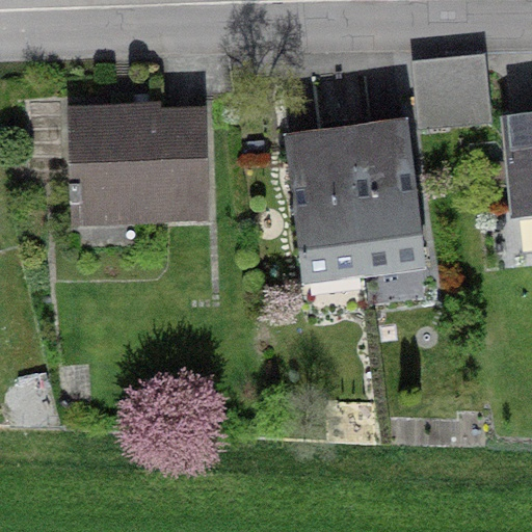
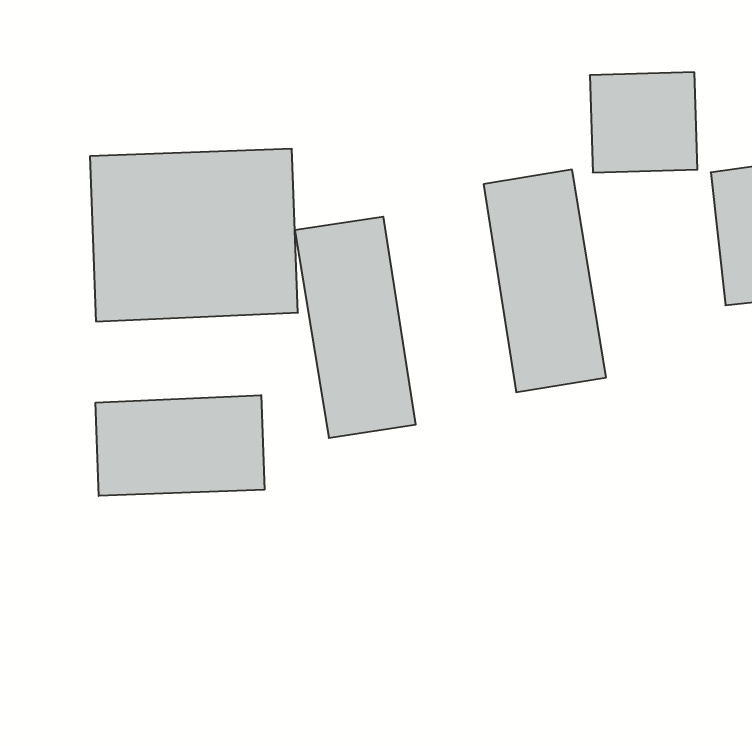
building: [280,130,365,286] -> [295,217,416,438]
building: none -> [96,395,264,496]

